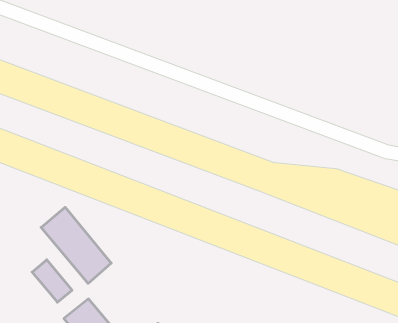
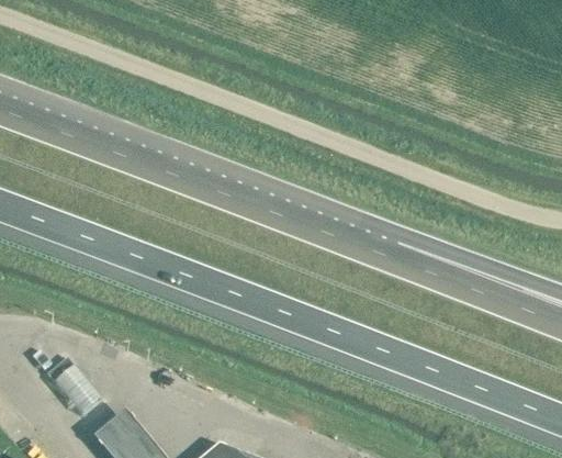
building: [41,207,111,283] -> none

